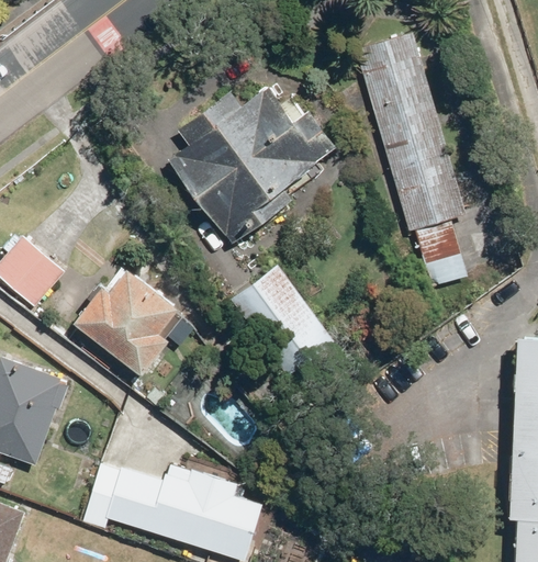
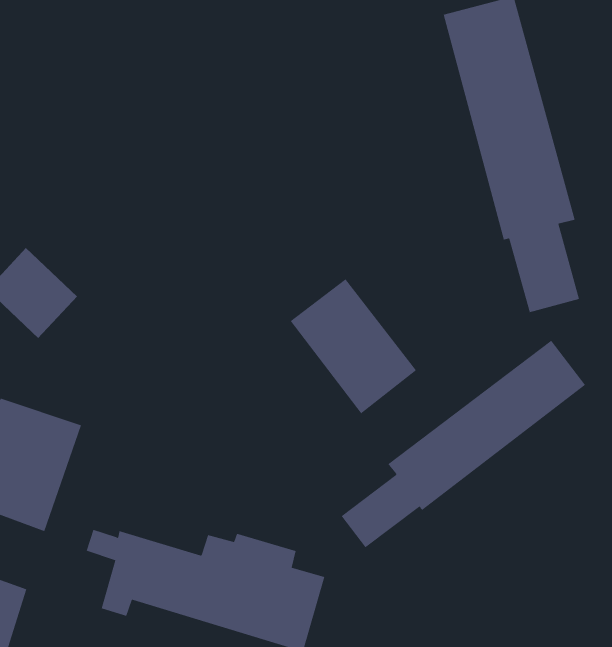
building: [175,83,340,239] -> none
building: [72,266,182,378] -> none
building: none -> [341,340,586,548]

